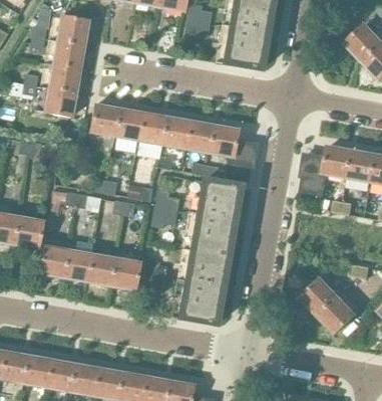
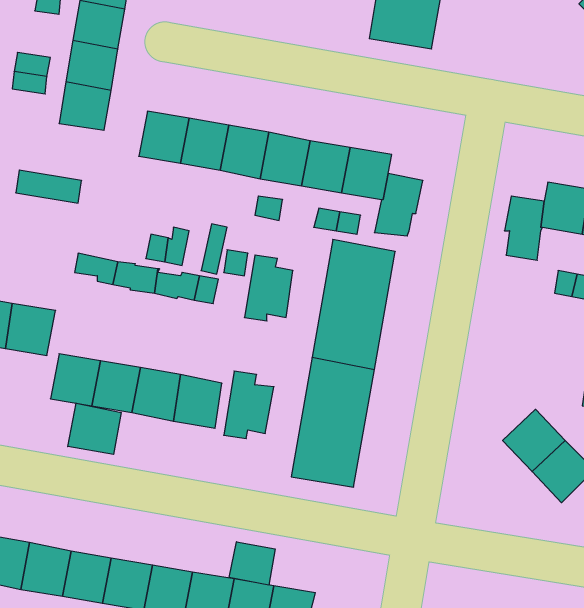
building: none -> [68,403,121,454]
building: none -> [229,542,275,585]

